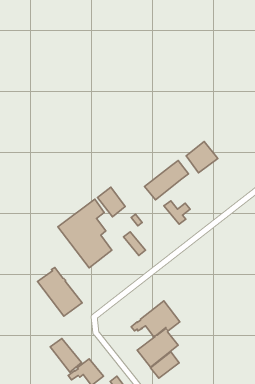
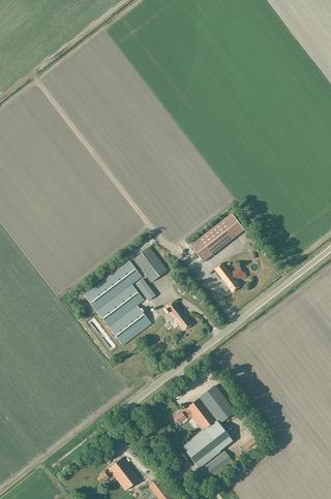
building: [186,141,218,173] -> none
building: [38,268,82,316] -> none
building: [50,338,82,372] -> none

